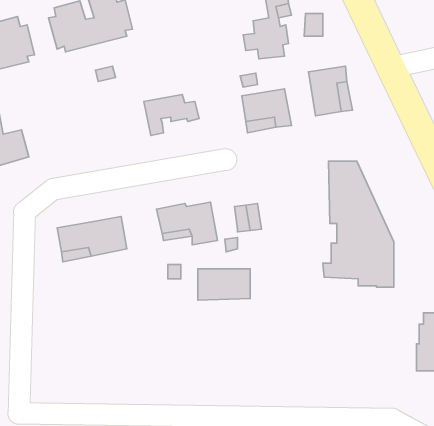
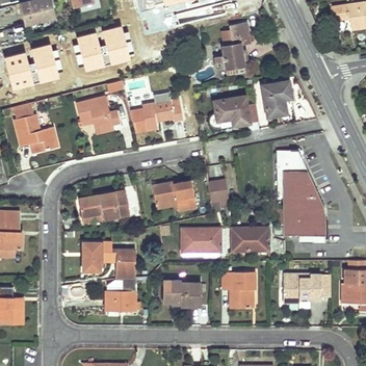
building: none -> [76,97,119,133]
building: none -> [230,228,267,251]
building: none -> [82,241,135,310]
building: none -> [220,271,254,308]
building: none -> [282,273,331,303]
building: none -> [162,280,201,305]

